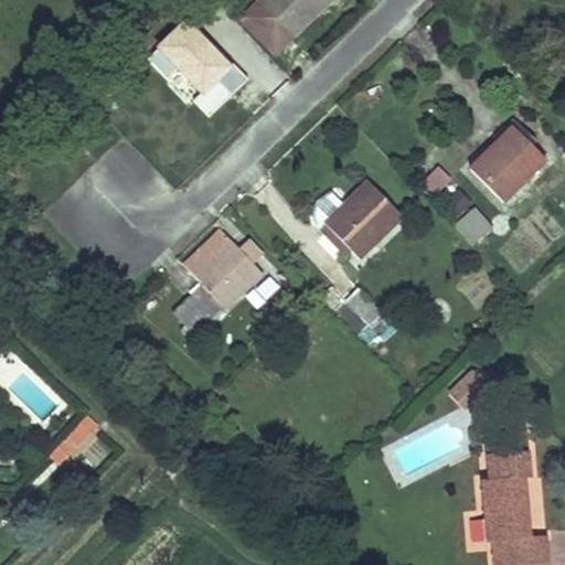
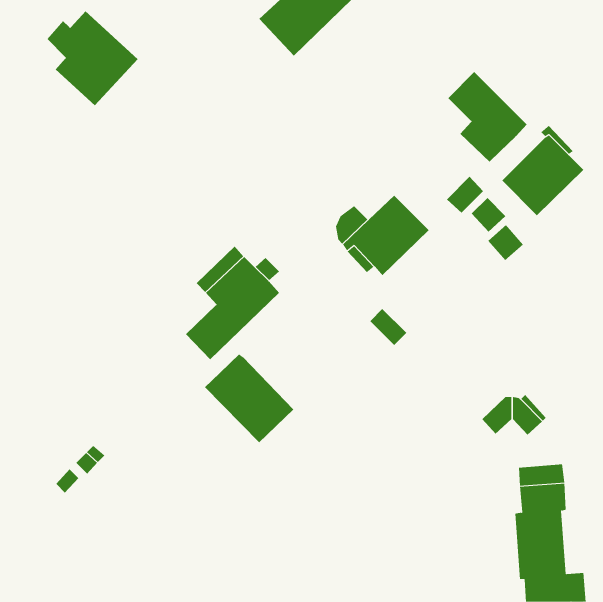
building: [162,31,248,120] -> [46,11,138,106]
building: none -> [447,71,528,163]
building: none -> [204,354,294,443]

